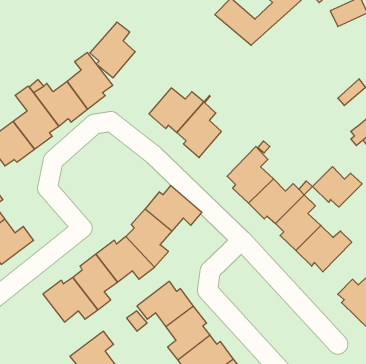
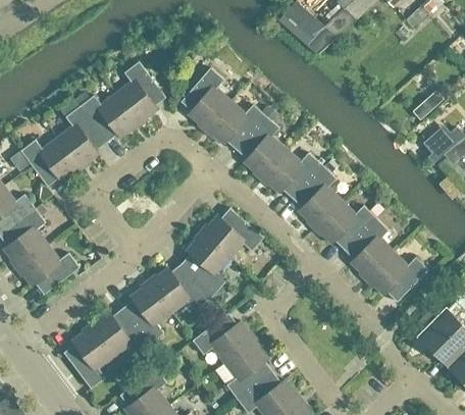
building: [90,22,135,78] -> [180,67,230,128]
building: none -> [261,148,323,197]
building: [313,167,362,207] -> none
building: none -> [63,326,113,387]

